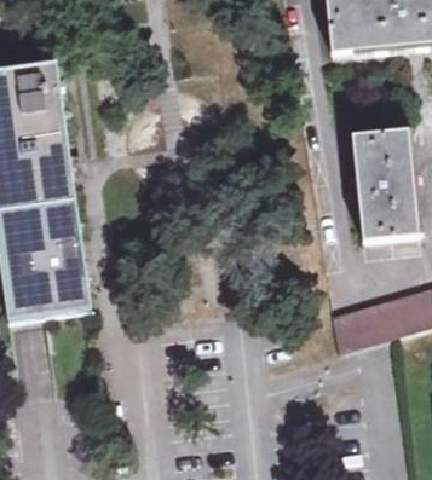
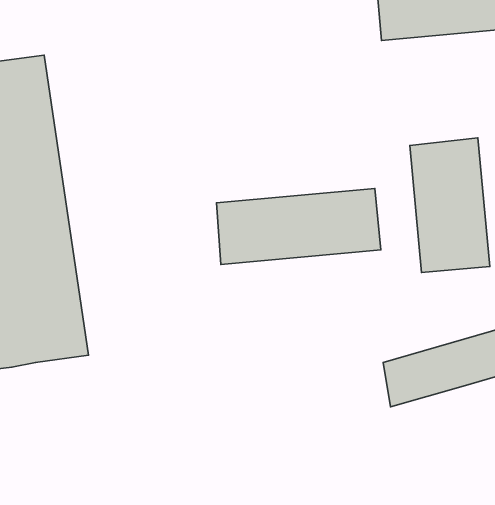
building: none -> [217,189,381,264]

